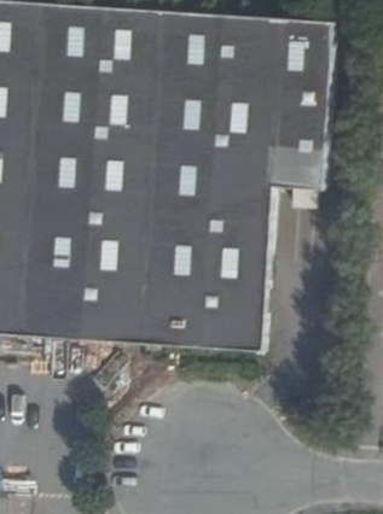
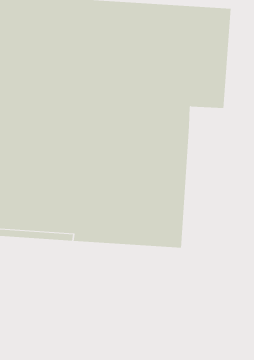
building: [274,156,321,185] -> none

